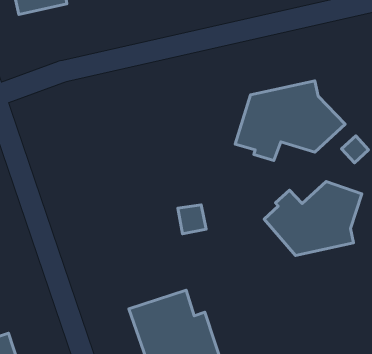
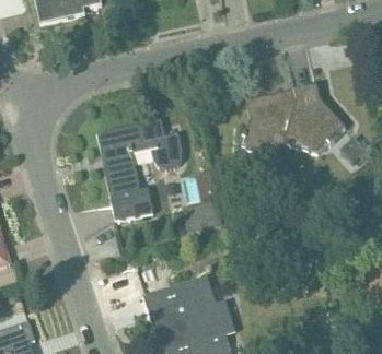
building: none -> [97,117,183,220]
building: [264,181,362,255] -> none

